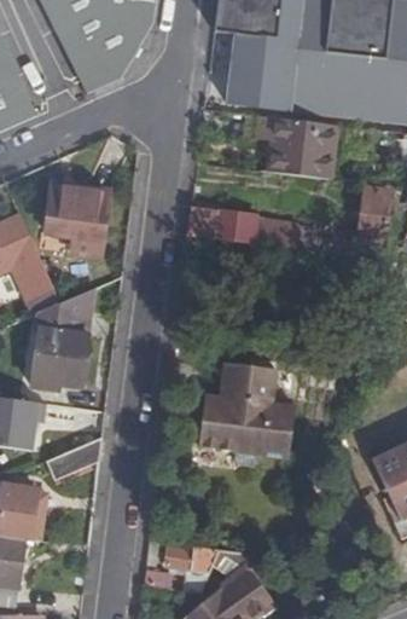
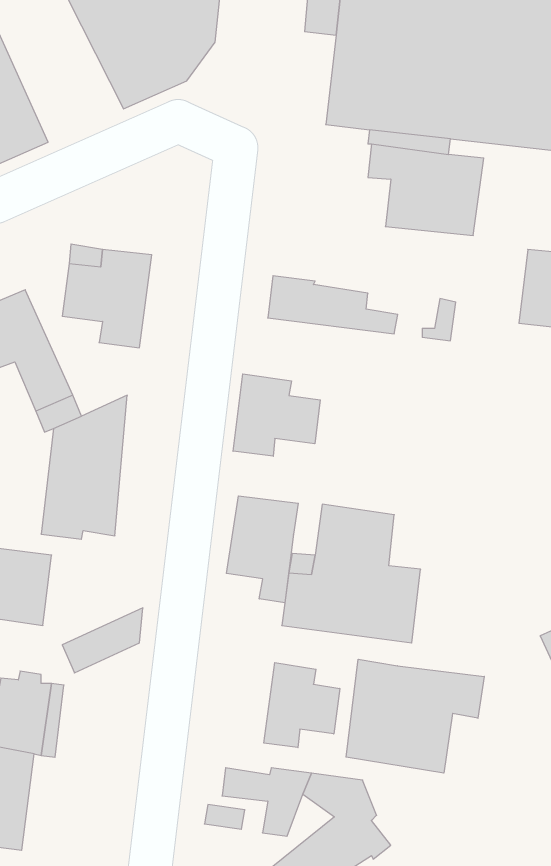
building: none -> [233,374,320,456]
building: none -> [226,496,298,603]
building: none -> [346,659,484,773]
building: none -> [264,663,340,748]

